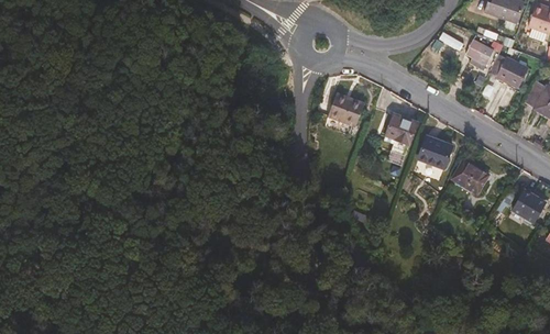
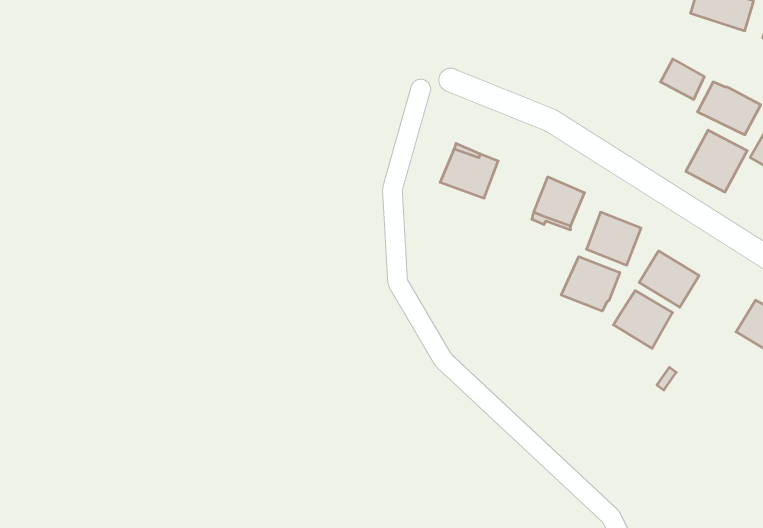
building: none -> [686,130,747,192]
building: none -> [561,257,620,311]
building: none -> [613,291,673,348]

